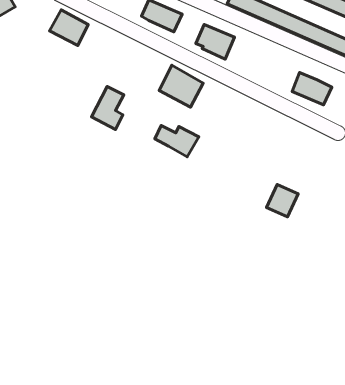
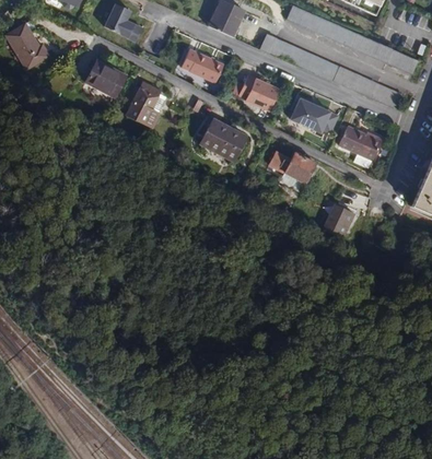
building: none -> [290,96,337,131]
building: [91,87,124,129] -> [126,82,160,127]
building: [155,125,199,157] -> [269,151,315,184]
building: [267,184,298,217] -> [320,200,353,234]

